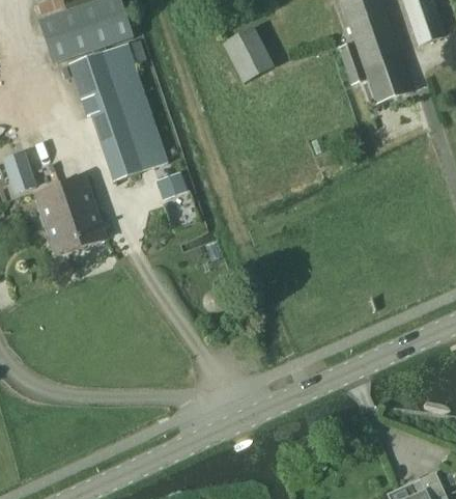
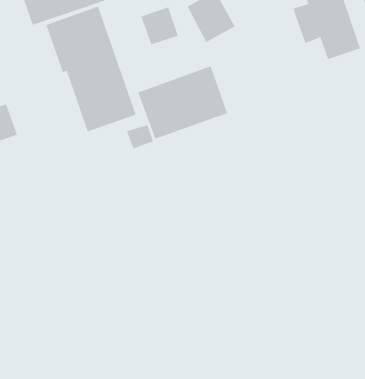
building: none -> [141,7,179,45]
building: none -> [137,66,228,140]
building: [34,174,106,255] -> none

